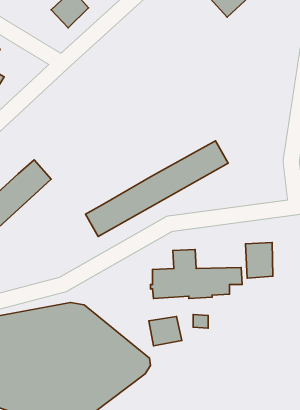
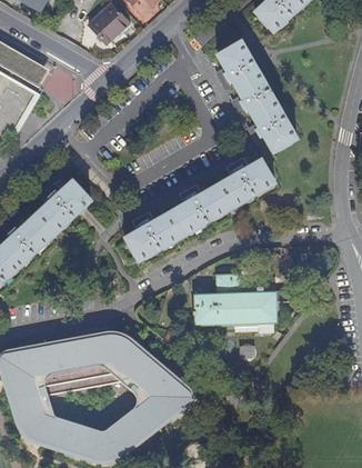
building: none -> [217,42,295,153]
building: [246,242,273,278] -> none
building: [149,317,182,346] -> none

